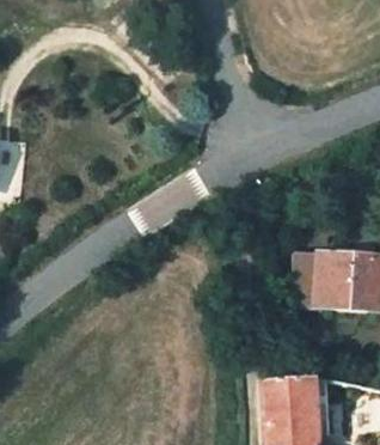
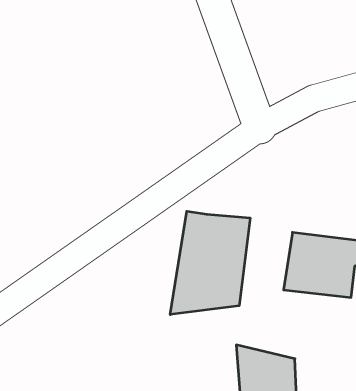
building: none -> [170,211,250,315]

